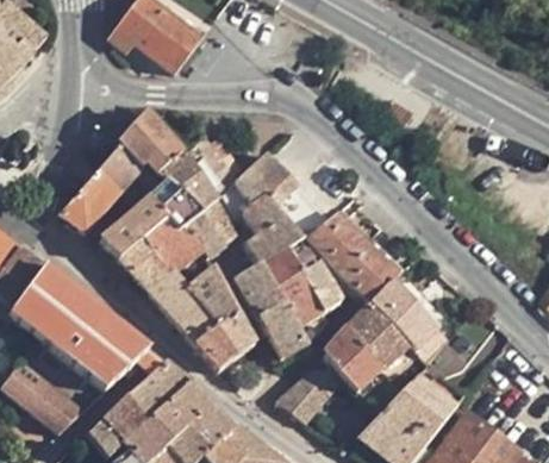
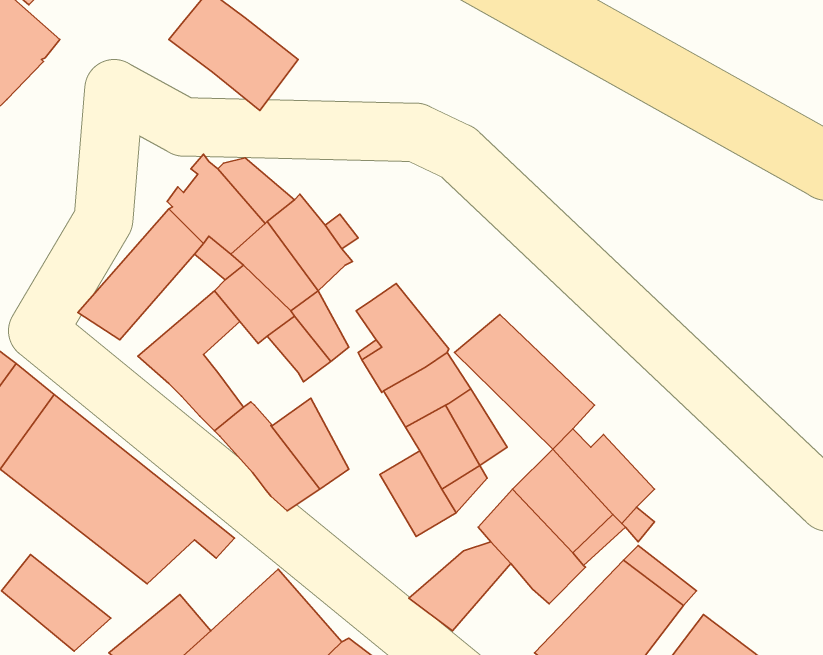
building: [235,151,329,236] -> none
building: [142,218,204,274] -> none
building: [233,263,283,318] -> none
building: [196,314,254,369] -> none
building: [126,358,191,420] -> none

